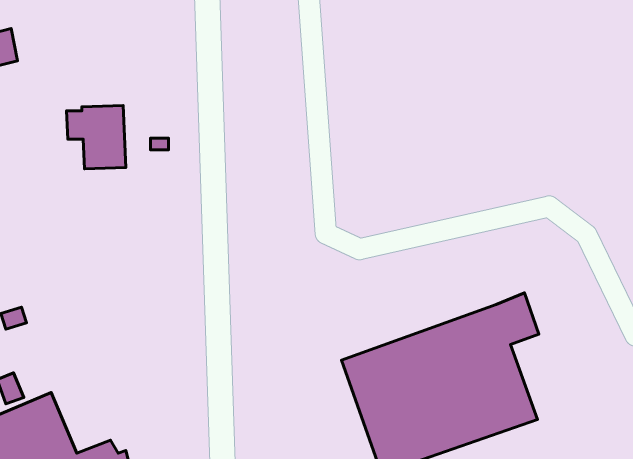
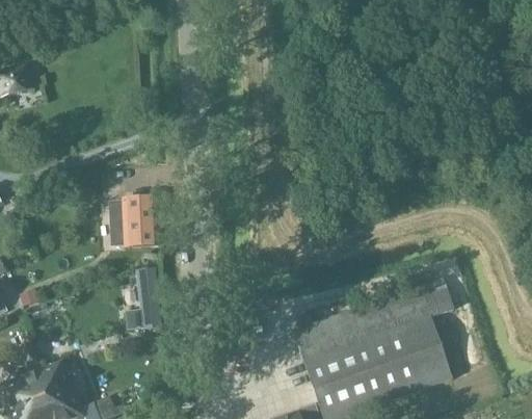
building: [66,106,126,169] -> [109,195,157,246]
building: none -> [124,268,160,329]

